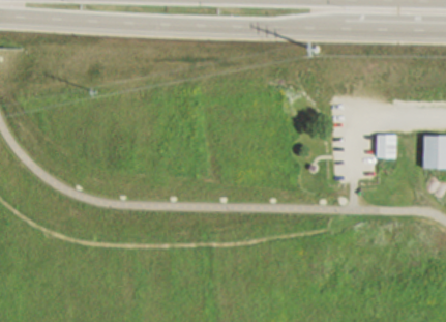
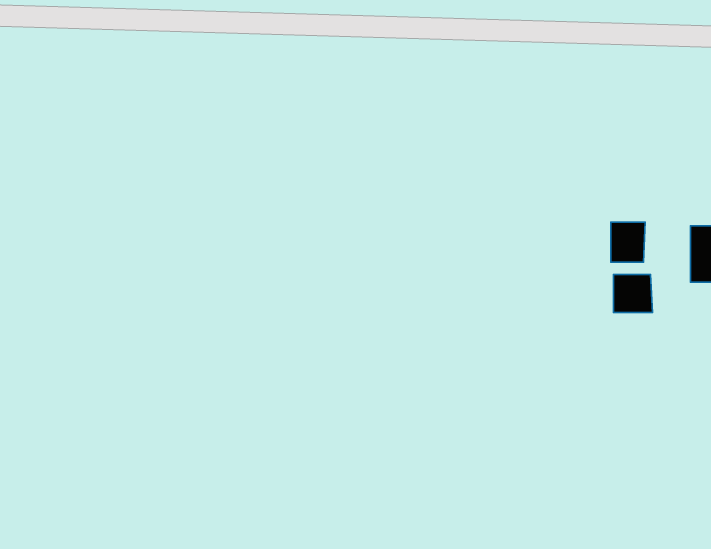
building: none -> [613,274,652,312]

